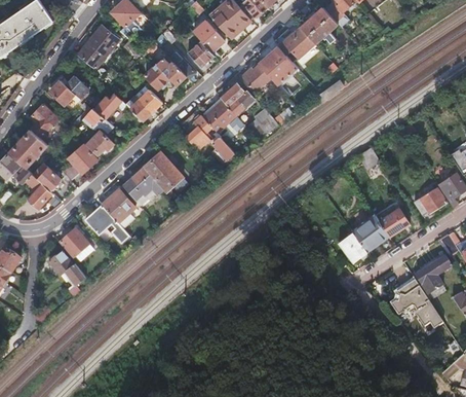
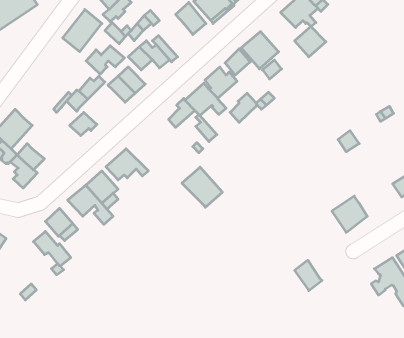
building: [283,28,315,59] -> [295,27,326,57]
building: [187,39,215,67] -> none
building: [50,74,89,103] -> [86,46,124,74]
building: [30,102,59,136] -> none
building: [62,144,96,179] -> none
building: [143,150,184,191] -> [182,167,222,207]
building: [380,209,411,239] -> none
building: [341,233,368,264] -> [295,260,322,291]

